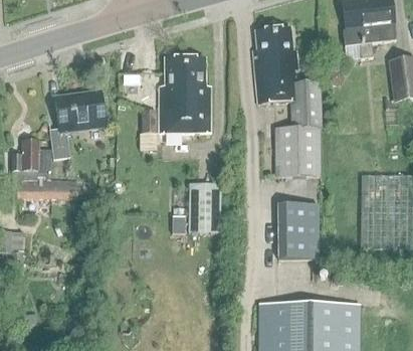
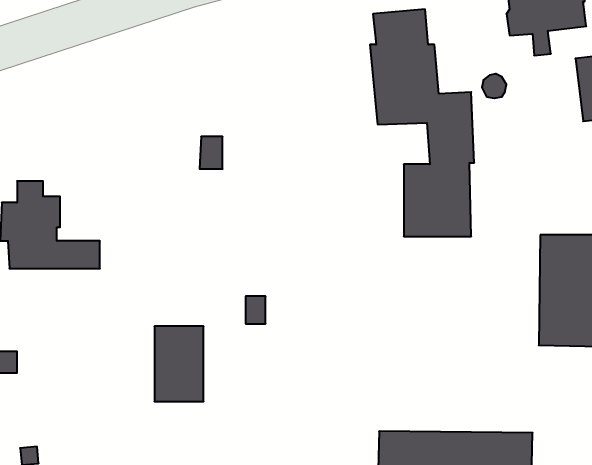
building: [160,57,210,132] -> none
building: [49,93,105,158] -> none
building: [188,182,220,231] -> [154,326,204,401]
building: [277,203,319,257] -> none

